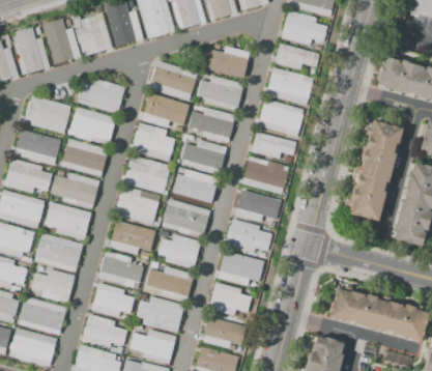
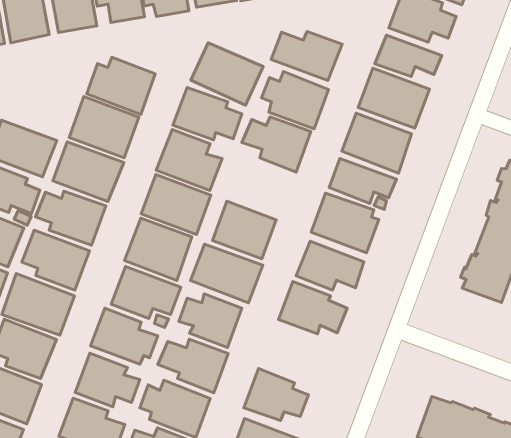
building: [25,95,71,135] -> none
building: [182,140,226,175] -> none
building: [219,251,260,286] -> none

